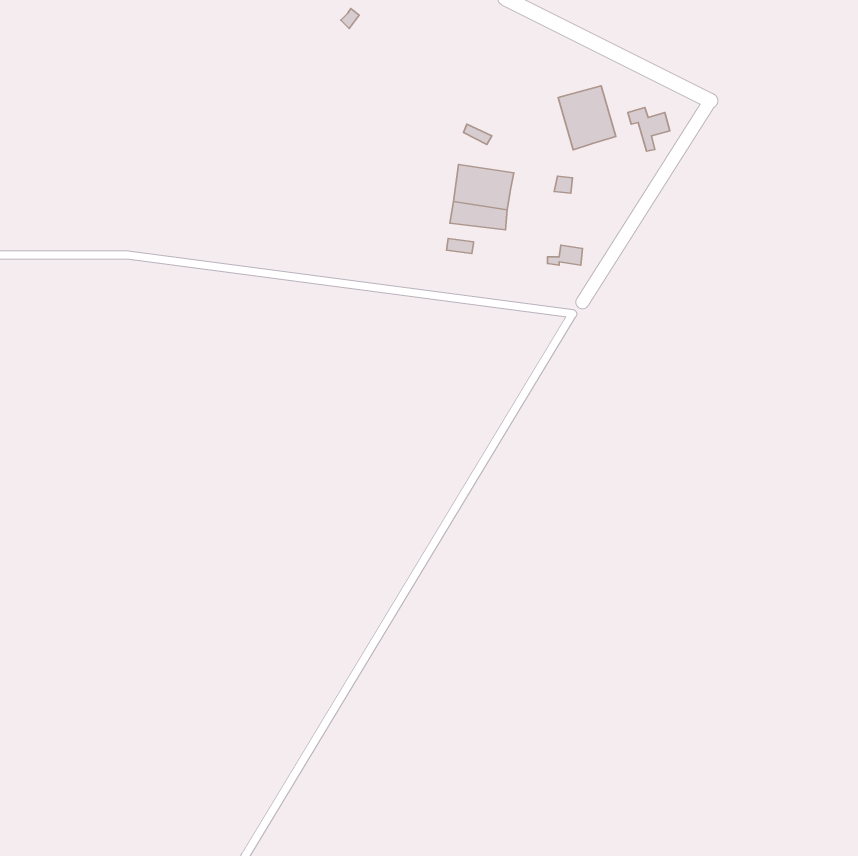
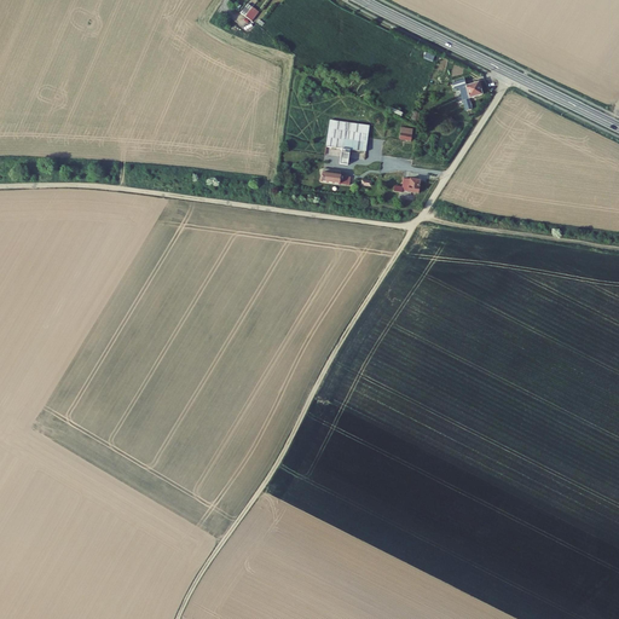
building: [558,86,616,150] -> none

